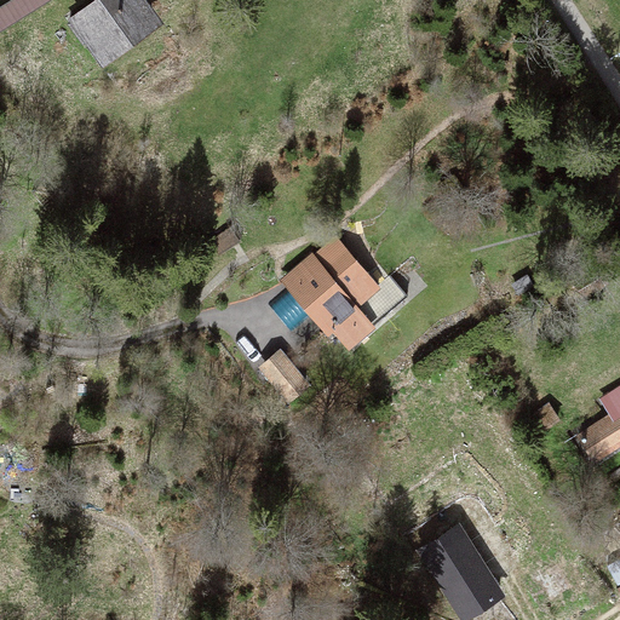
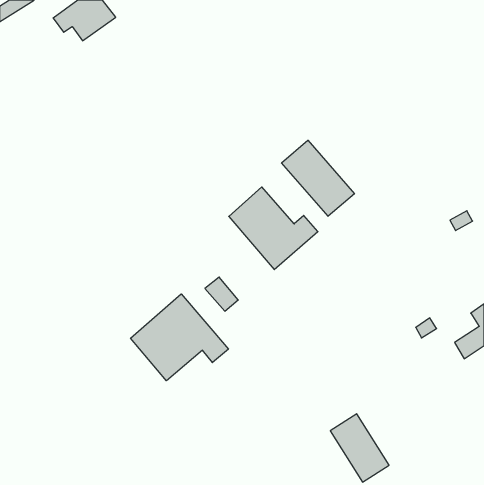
building: none -> [282,140,354,216]
building: none -> [131,294,228,381]

